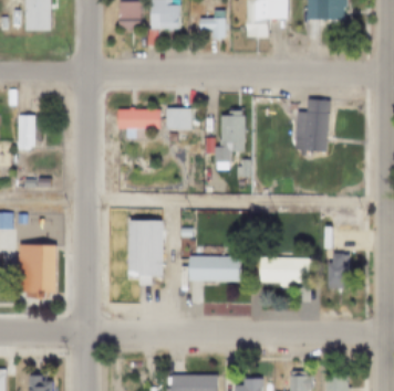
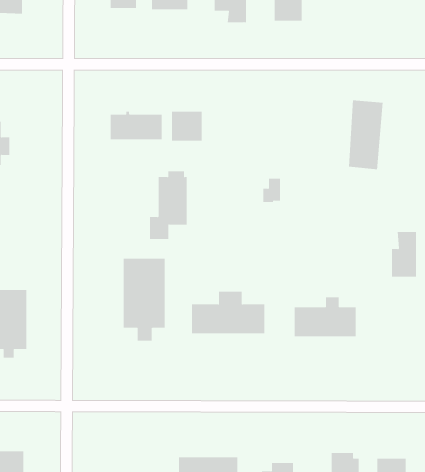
building: [215,110,245,163] -> [149,171,188,239]
building: [328,249,348,284] -> [391,231,417,277]

